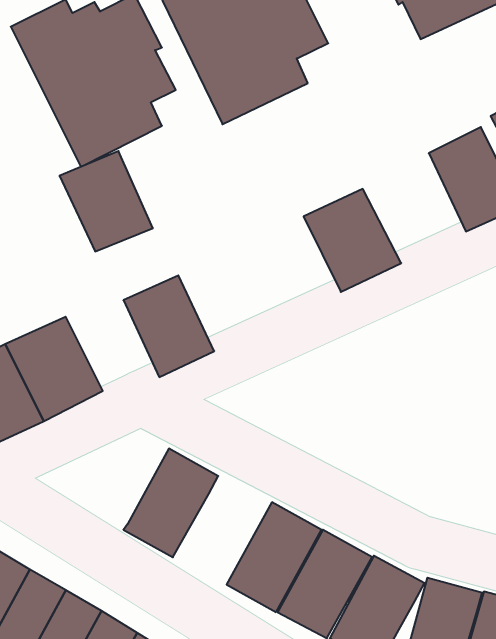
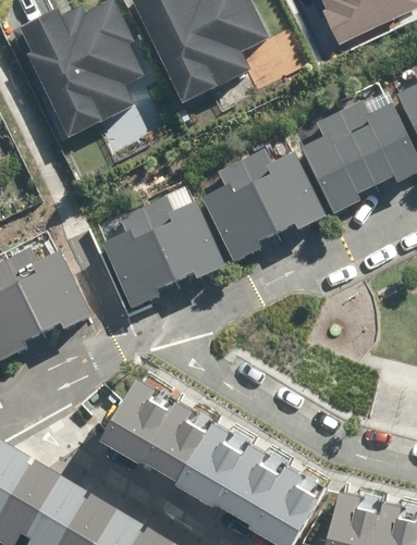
building: [59,151,153,251] -> [146,206,220,285]
building: none -> [301,128,373,211]
building: none -> [201,178,274,260]
building: none -> [144,384,219,470]

